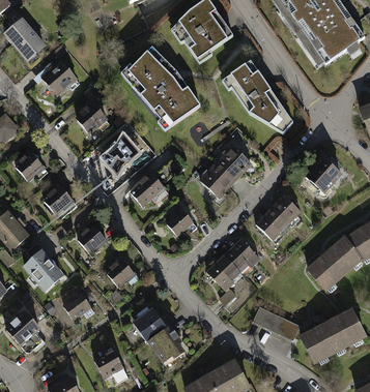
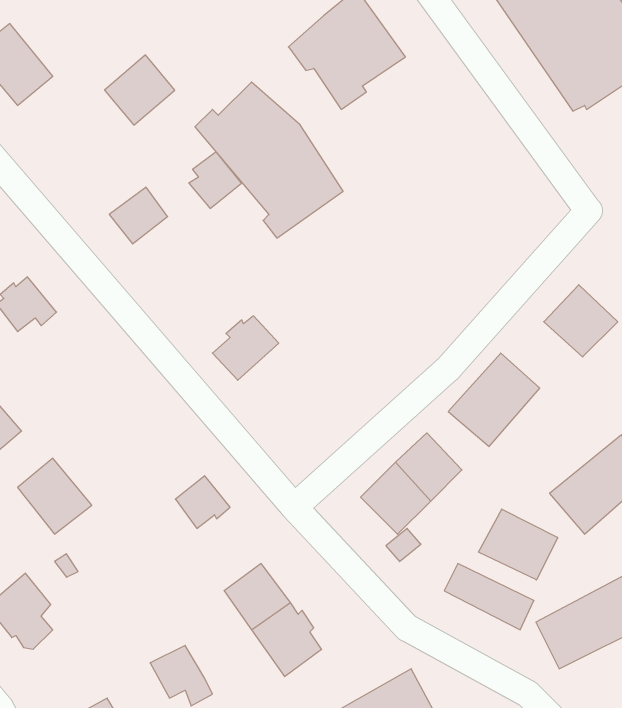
building: [224,60,294,132] -> none
building: [39,61,77,98] -> [105,55,175,125]
building: [106,137,134,167] -> [189,152,241,208]
building: [201,146,250,197] -> none
building: [41,185,75,220] -> none
building: [165,205,193,236] -> none
building: [78,222,109,252] -> none
building: none -> [478,509,558,580]
building: [65,291,92,318] -> none

